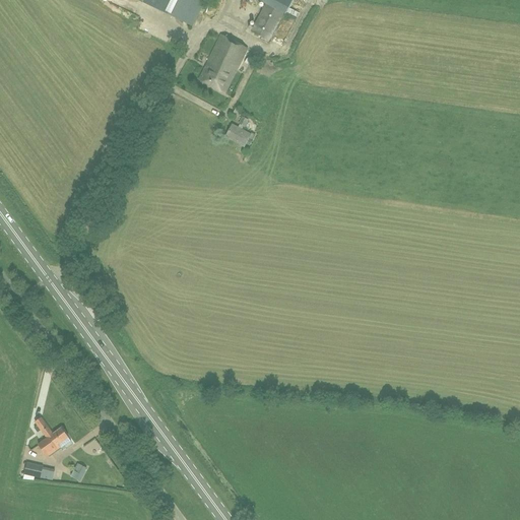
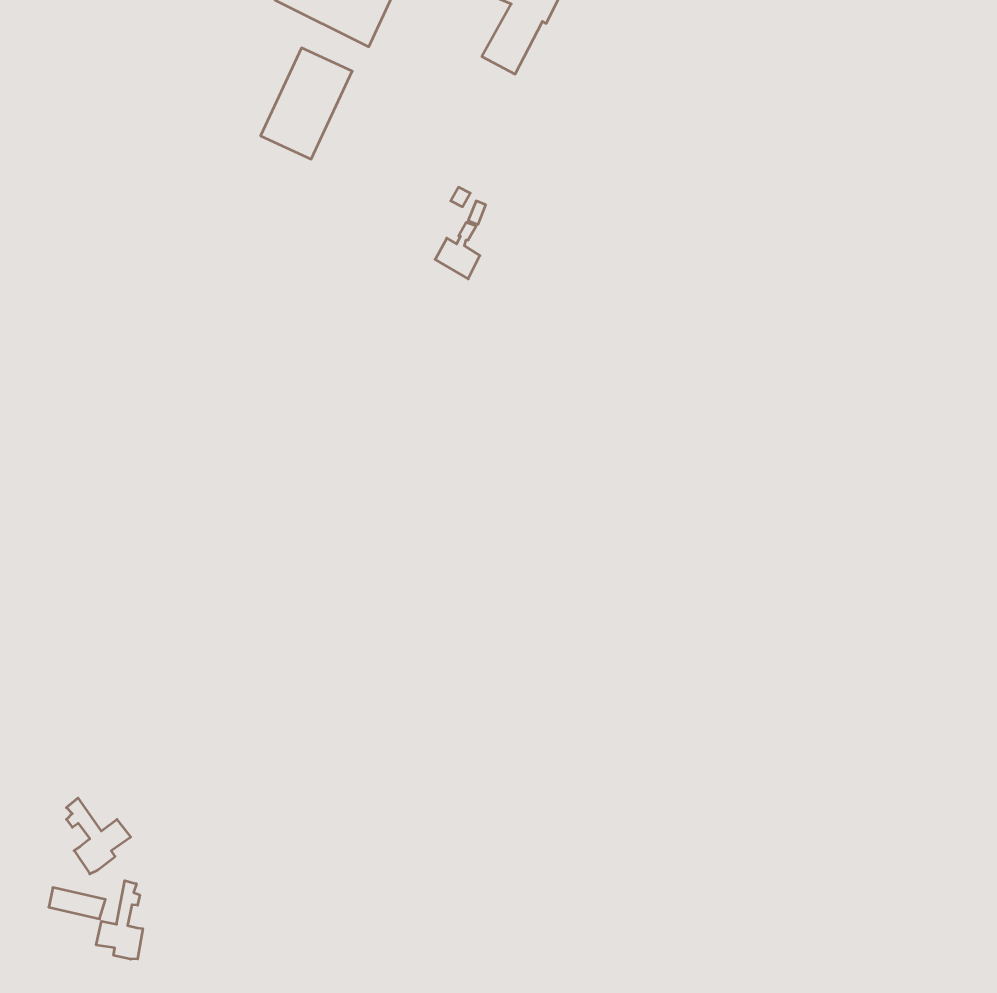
building: [199,34,247,91] -> [261,48,352,159]
building: none -> [96,881,143,959]

